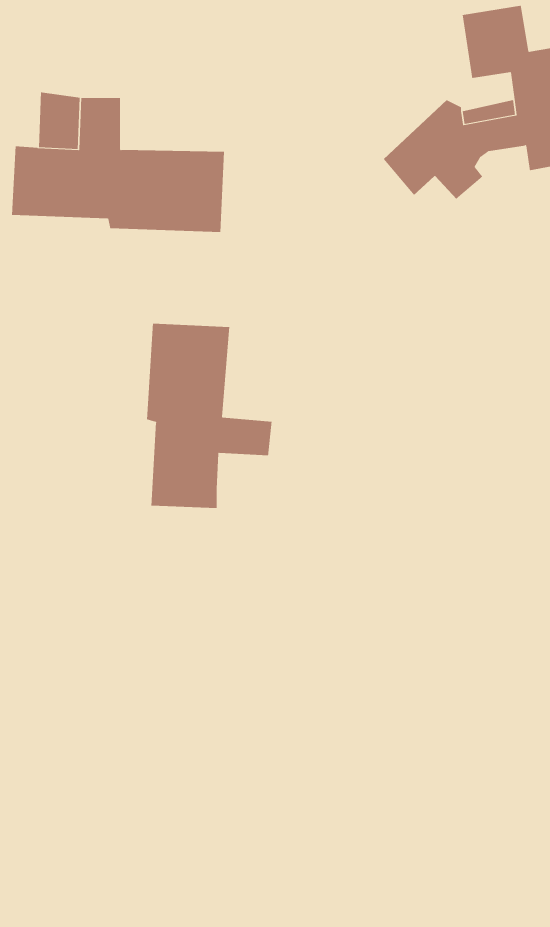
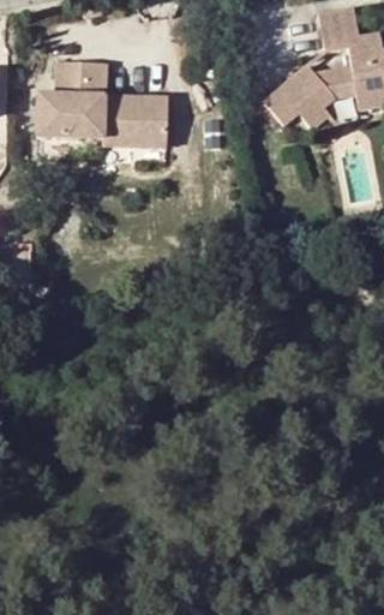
building: [147,323,272,509] -> none

